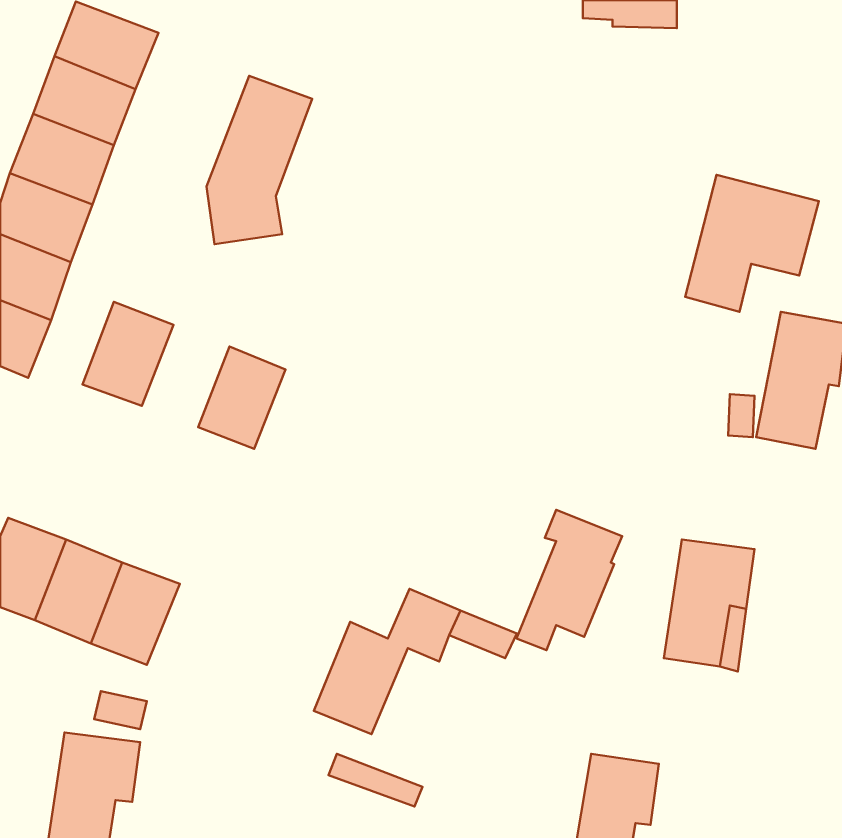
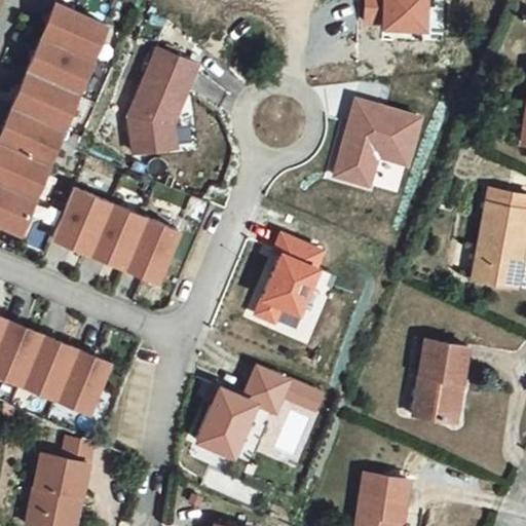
building: [685,175,819,312] -> [336,92,419,178]
building: none -> [89,205,144,269]
building: [517,510,622,650] -> [258,228,324,315]

